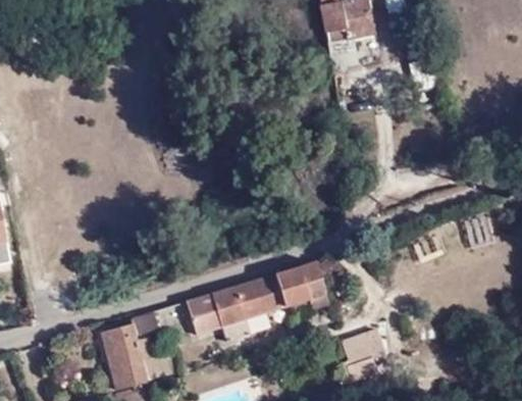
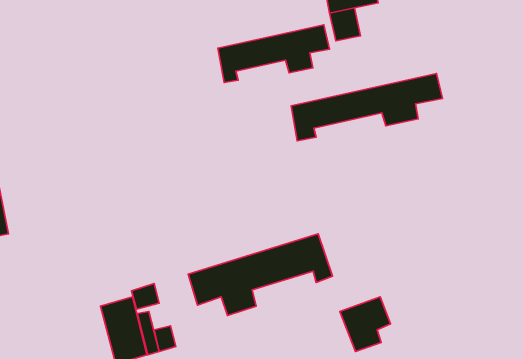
building: none -> [218,25,330,82]
building: none -> [291,74,442,141]

